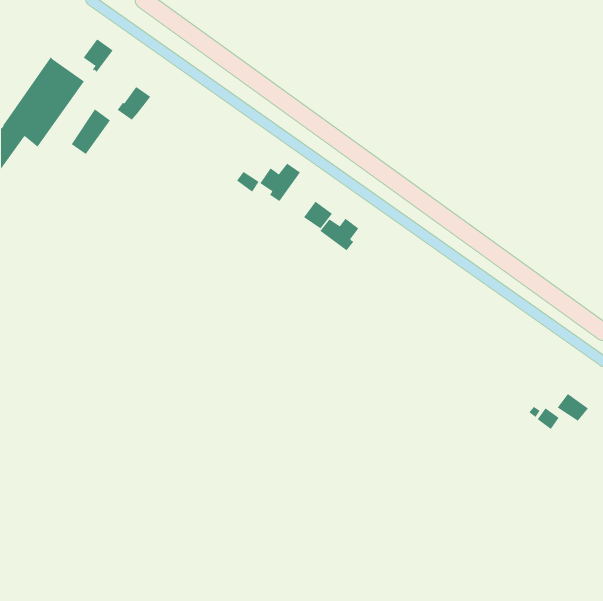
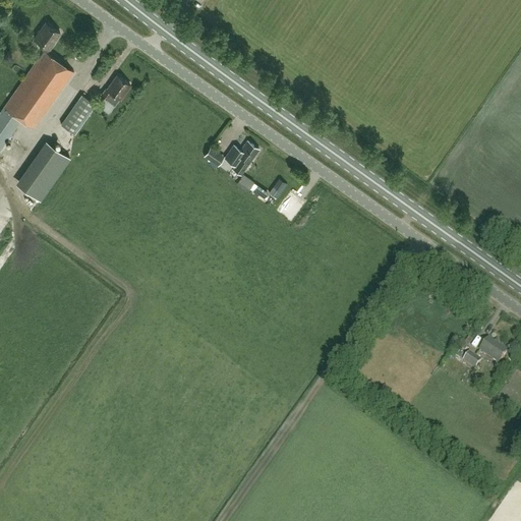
building: [83,39,114,73] -> [34,23,60,53]
building: none -> [20,140,70,198]
building: [319,218,359,251] -> none

